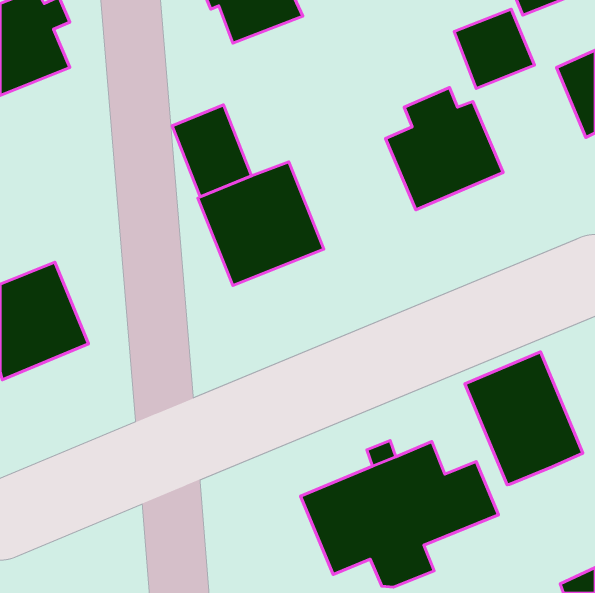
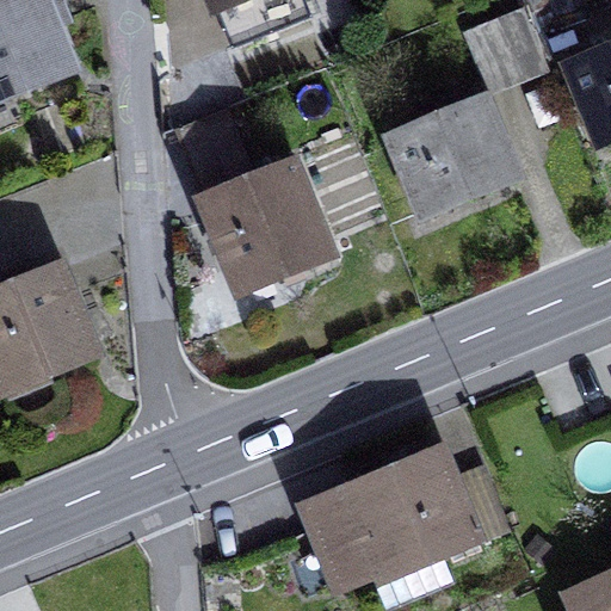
building: [465,352,583,485] -> none

